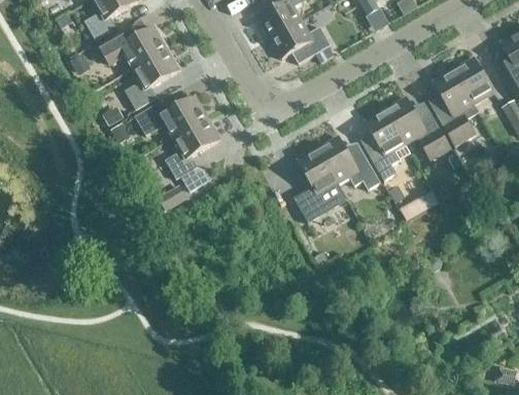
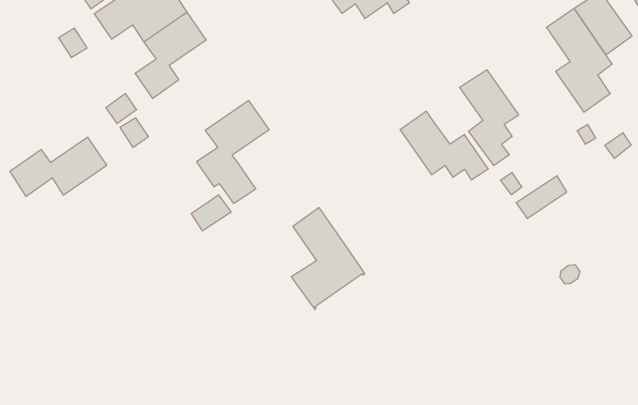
building: [135,95,207,136] -> [10,137,107,197]
building: [385,96,450,159] -> none
building: [292,147,347,222] -> [291,208,365,310]

